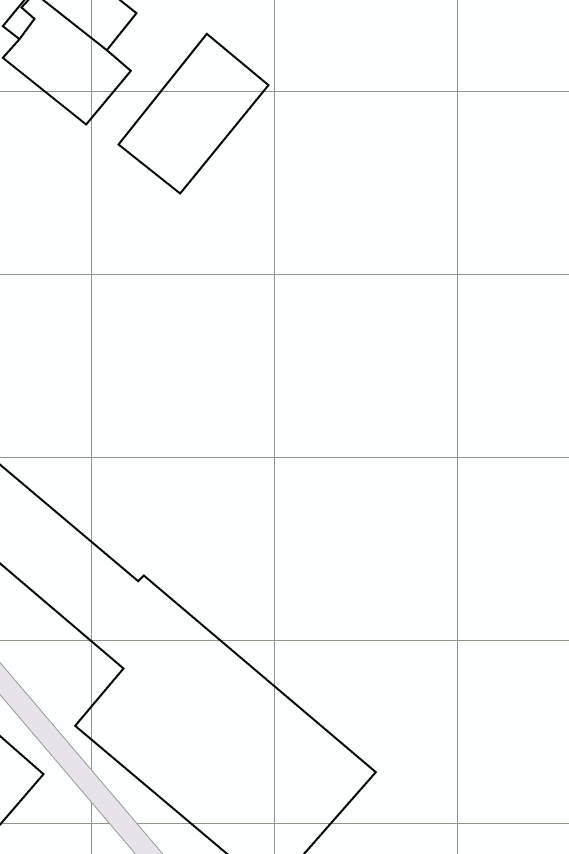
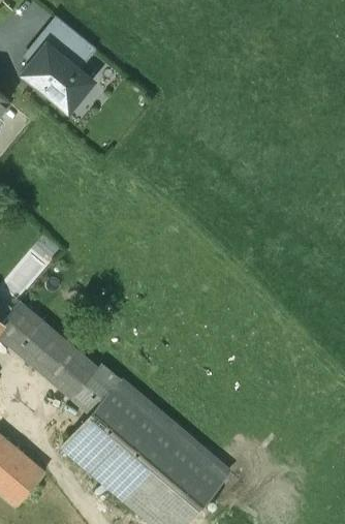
building: [119,34,269,194] -> none

